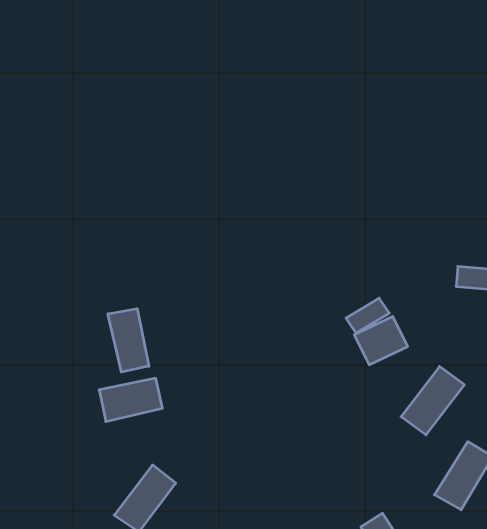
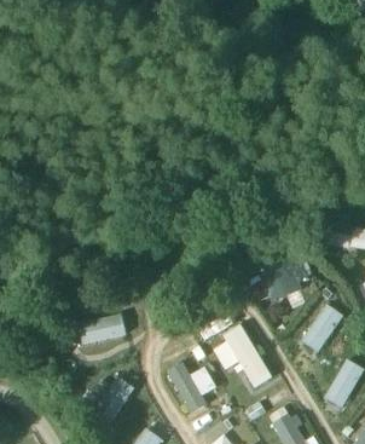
building: [108,309,149,372] -> none
building: none -> [214,324,273,390]
building: none -> [167,361,207,414]

